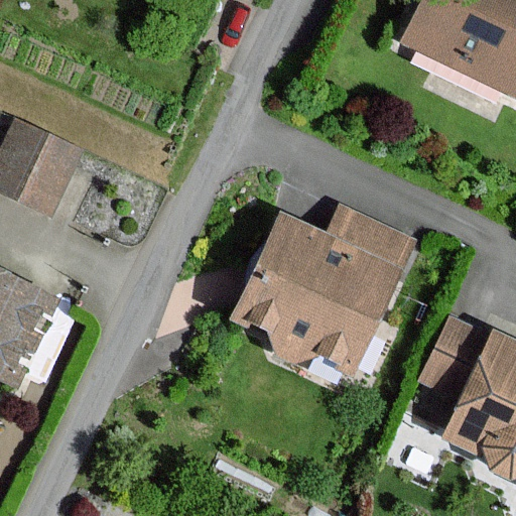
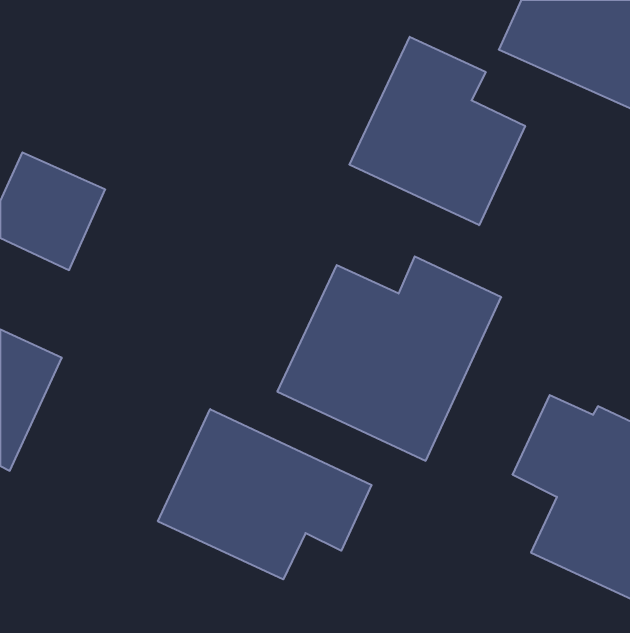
building: none -> [349,37,525,225]
building: none -> [158,409,372,579]

